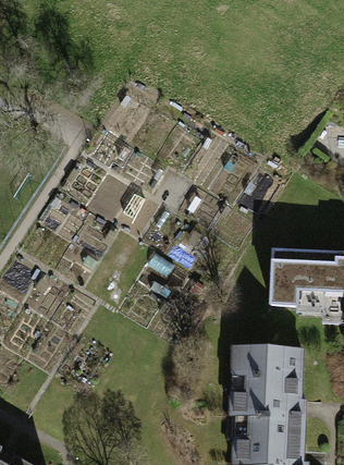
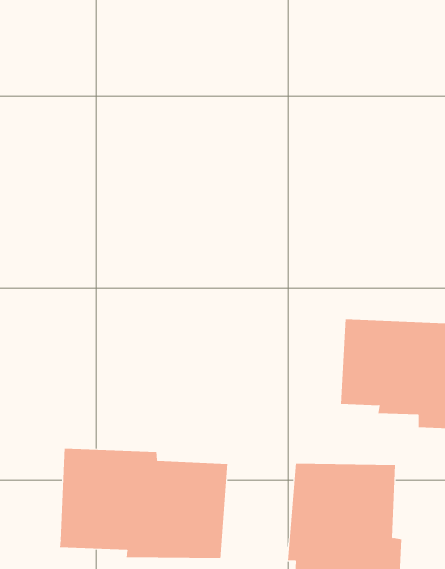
building: none -> [60,448,228,559]

